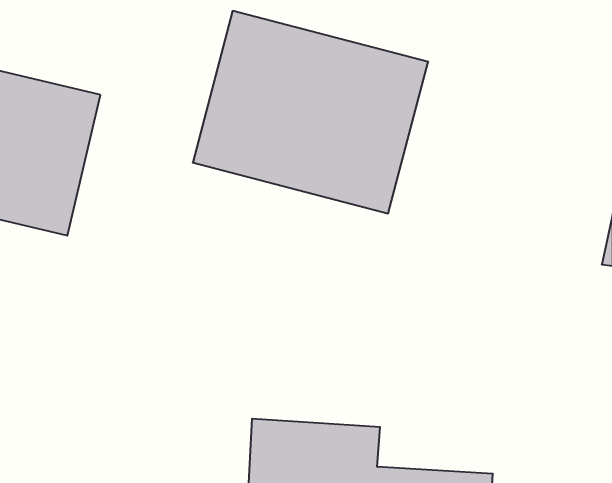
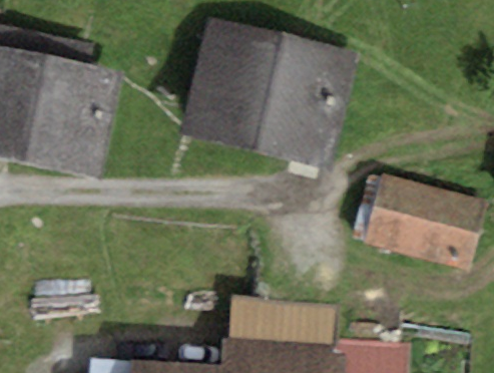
building: none -> [351,178,472,273]

